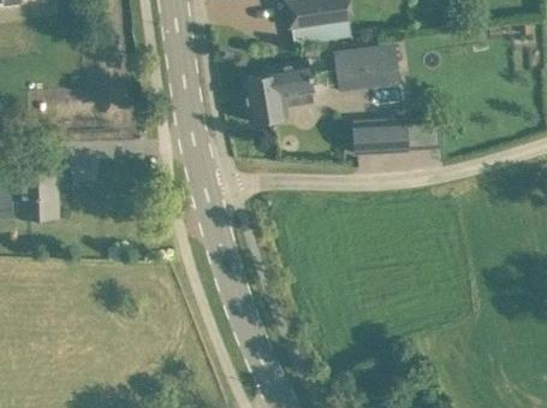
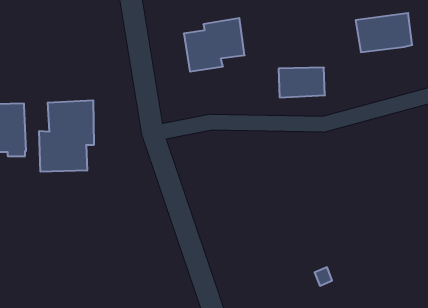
building: [333,46,399,91] -> [356,13,412,52]
building: none -> [39,100,94,172]

